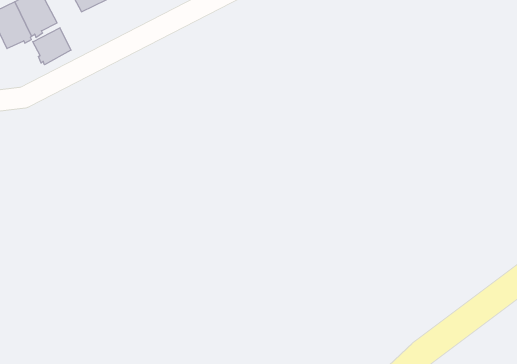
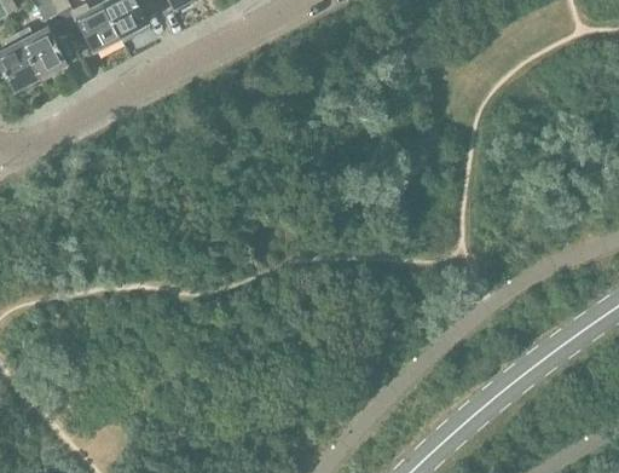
building: [33,28,71,65] -> none

